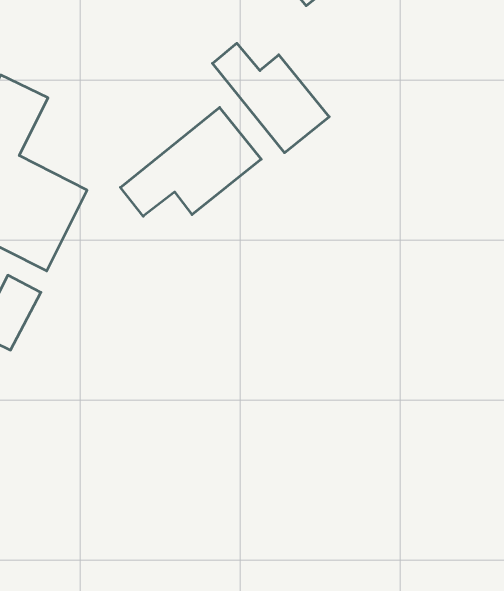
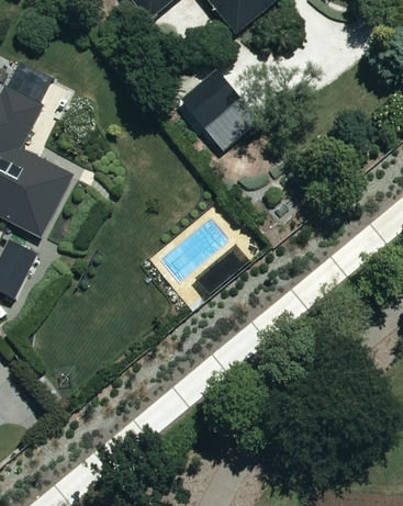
building: [120,107,261,216] -> none

